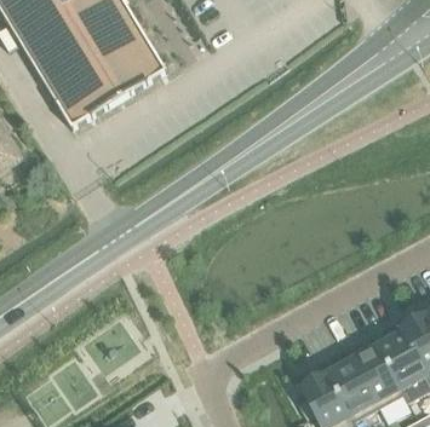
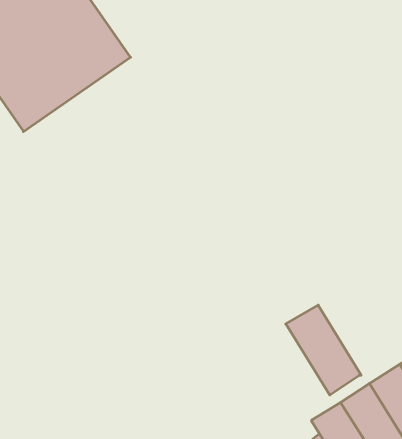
building: none -> [286,305,361,395]

